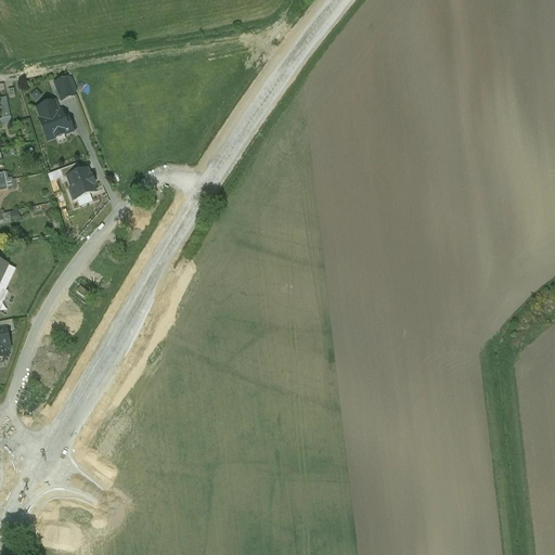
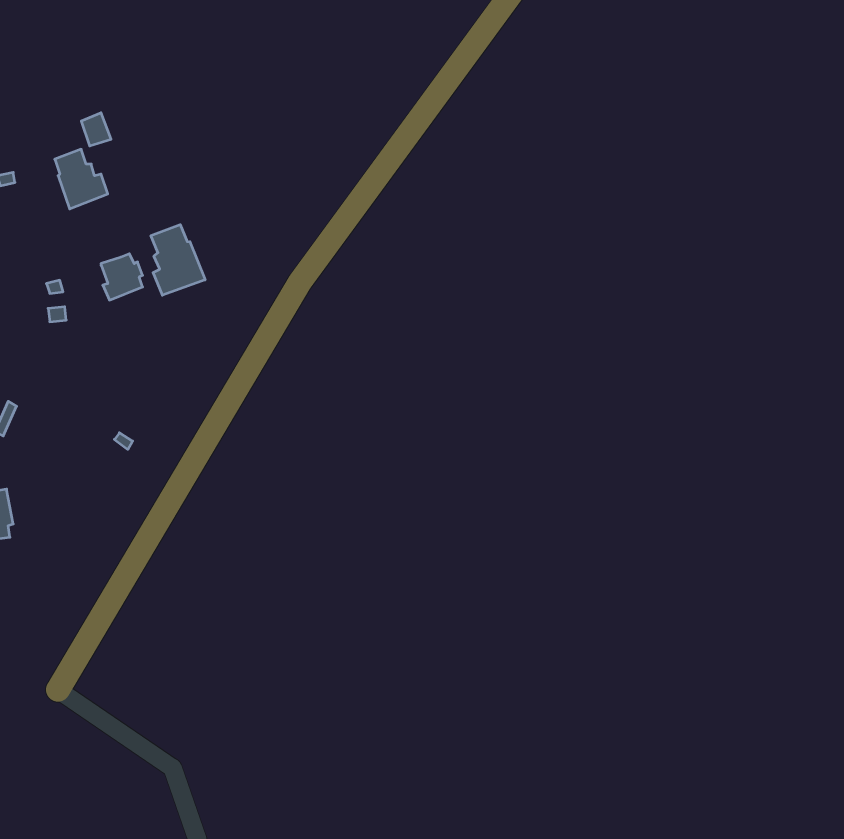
building: none -> [151,225,205,295]

